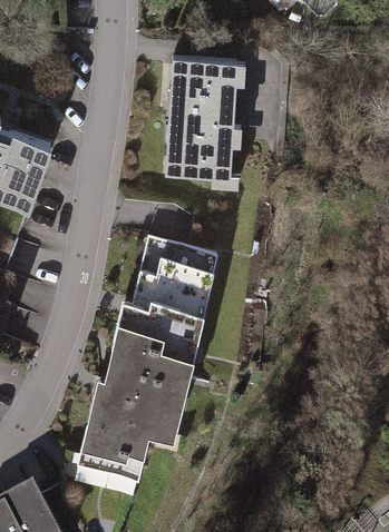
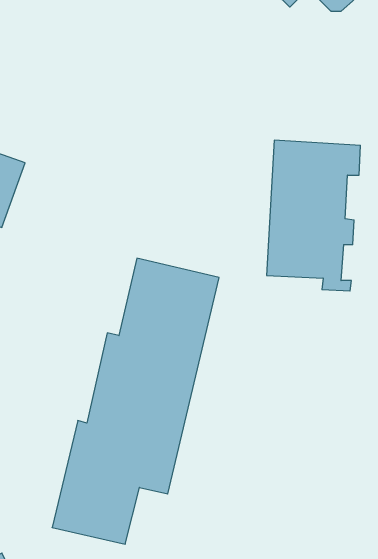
building: [167,60,249,190] -> [267,140,360,291]

